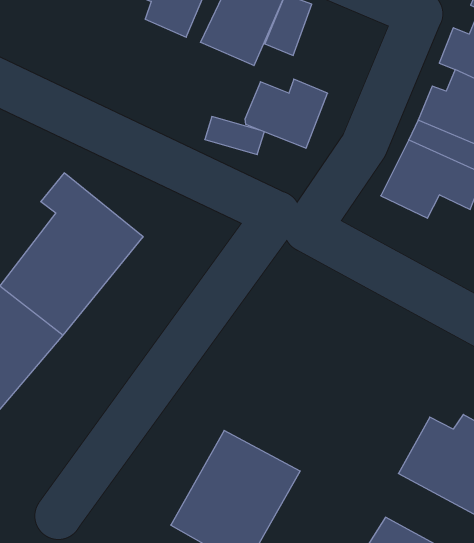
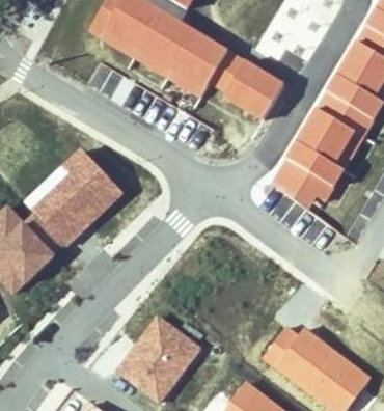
building: [245,79,328,148] -> [229,71,282,115]

